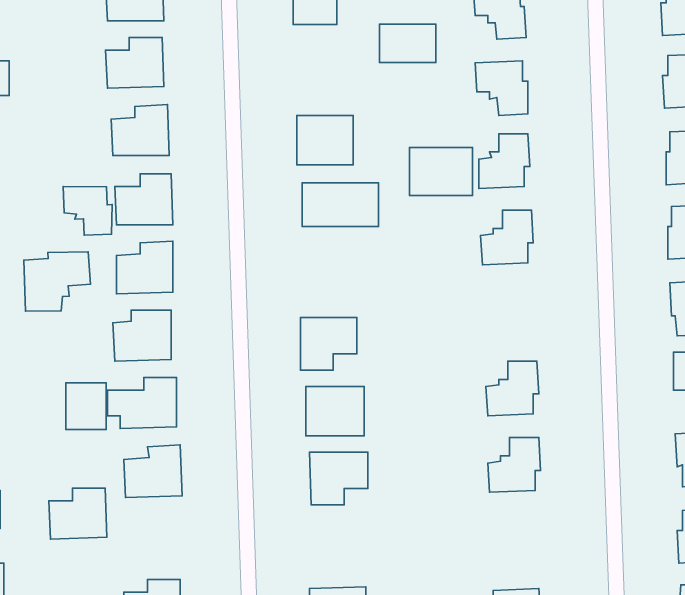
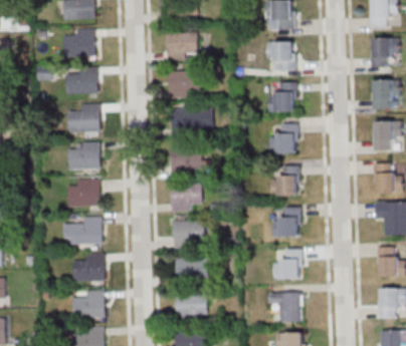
building: [379,24,436,62] -> [166,33,197,54]
building: [410,147,473,196] -> none
building: [63,187,112,235] -> none
building: [24,252,91,311] -> none
building: none -> [171,148,202,174]
building: none -> [271,164,300,195]
building: [66,383,106,430] -> none
building: [49,488,107,539] -> [72,290,105,318]
building: none -> [270,293,301,321]
building: none -> [175,294,207,323]

